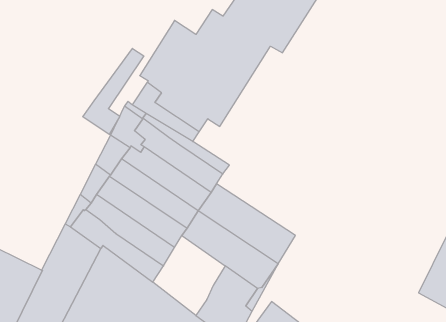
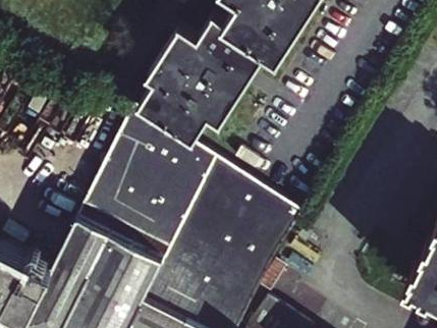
building: [83,48,144,134] -> none
building: none -> [213,171,299,237]
building: none -> [153,237,221,313]

